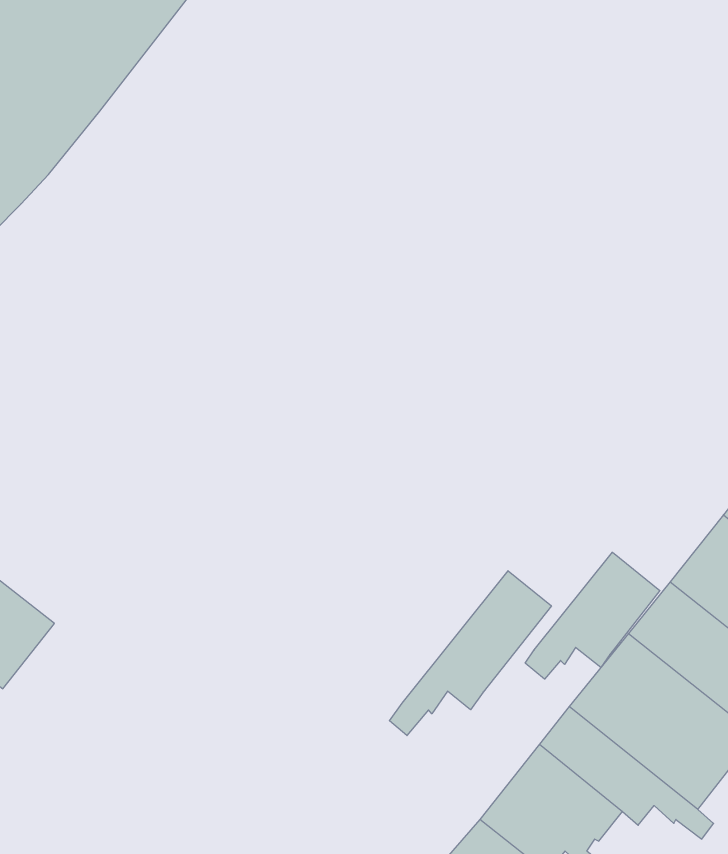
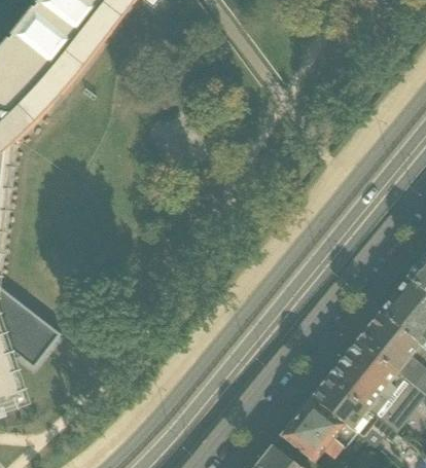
building: [525,552,660,679] -> none
building: [389,571,551,736] -> none

